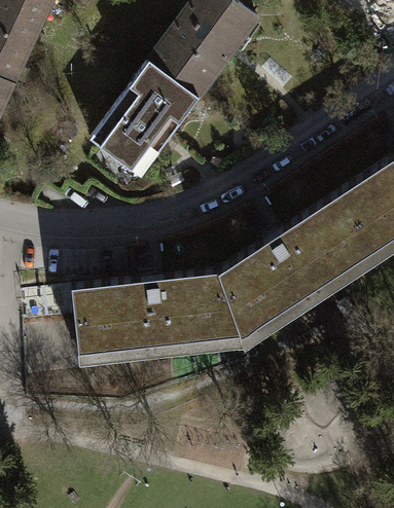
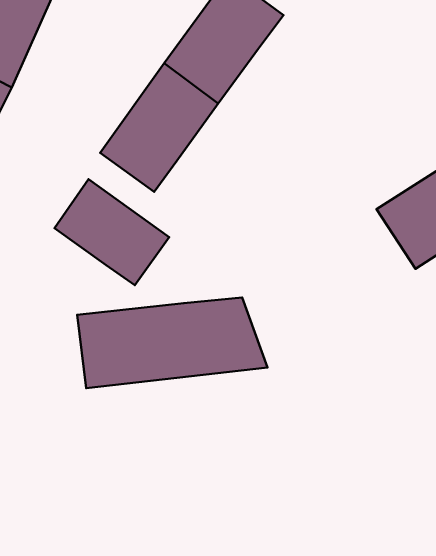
building: none -> [55,179,169,285]
building: [219,196,374,338] -> none

